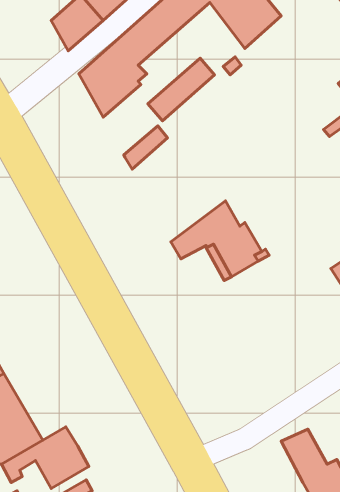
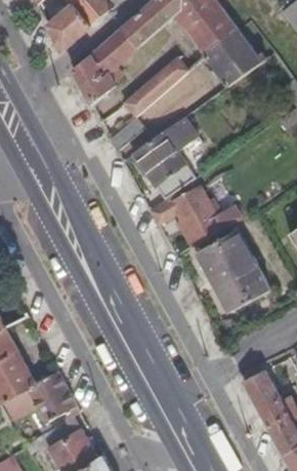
building: none -> [210,22,266,77]
building: none -> [131,117,199,201]
building: none -> [195,231,268,314]

